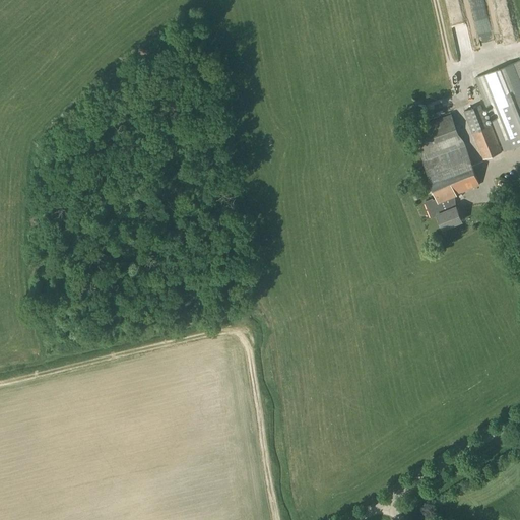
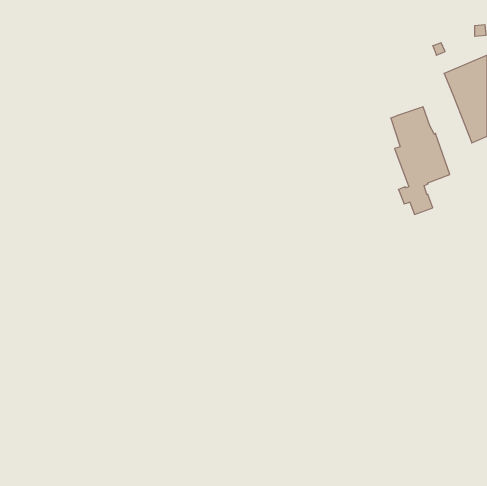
building: [463,106,502,160] -> none

